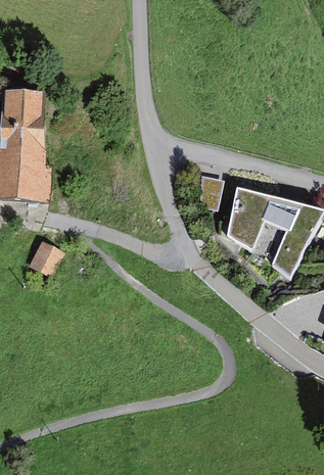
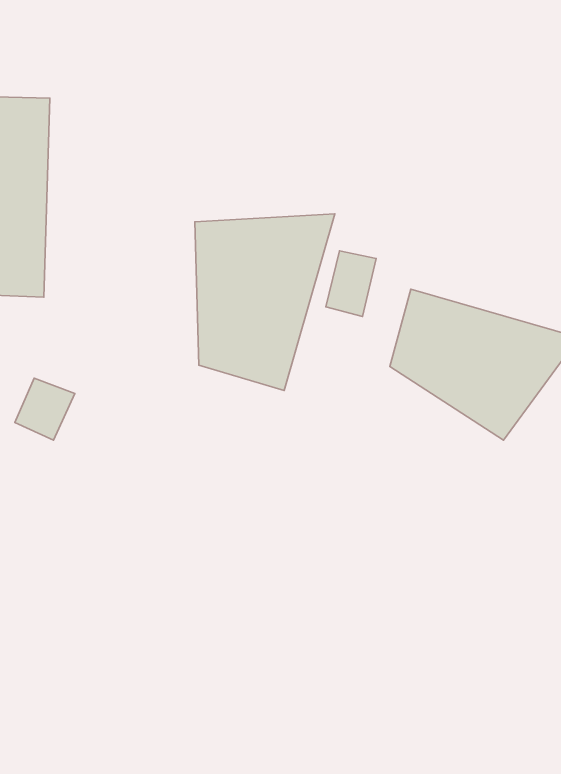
building: none -> [195,214,335,391]

